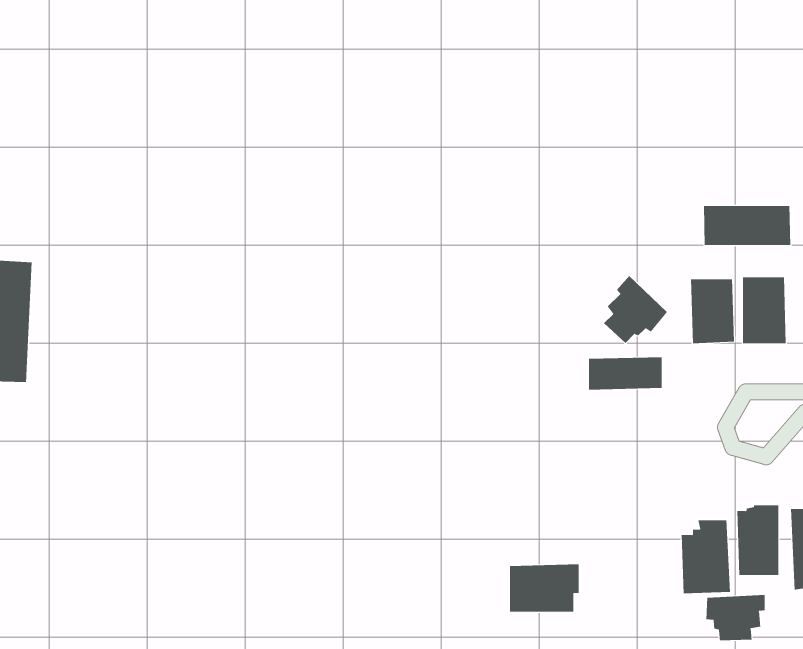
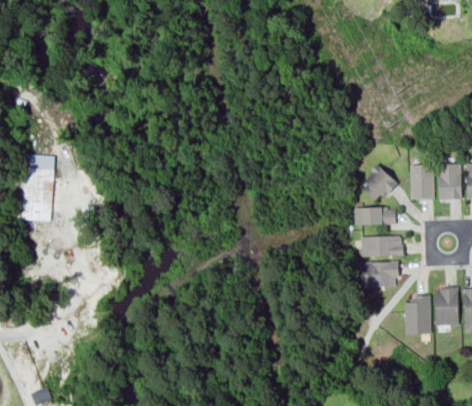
building: [703,205,791,246] -> none
building: none -> [361,235,403,256]
building: [509,564,580,612] -> [360,261,398,287]
building: [706,594,765,641] -> none

